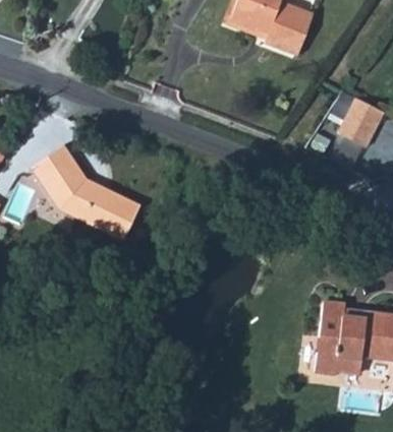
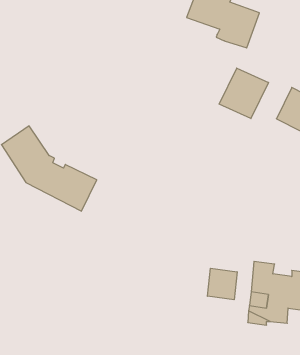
building: none -> [219,68,268,119]
building: none -> [207,268,237,300]

